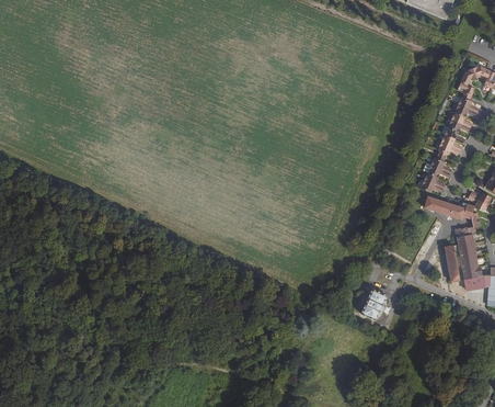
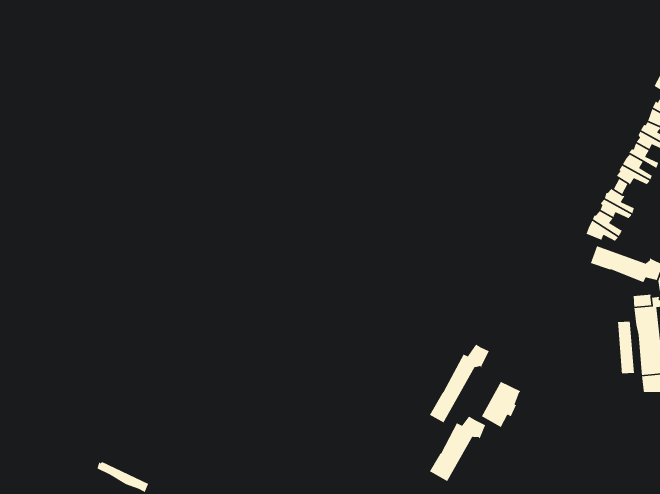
building: none -> [429,344,490,423]
building: none -> [429,416,486,482]

